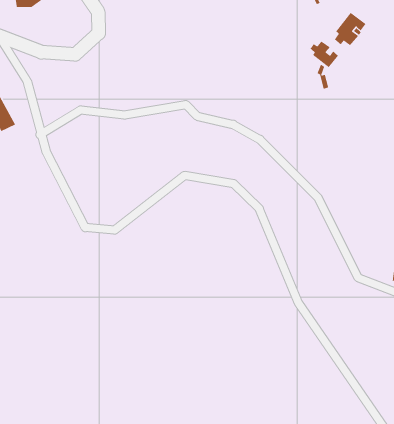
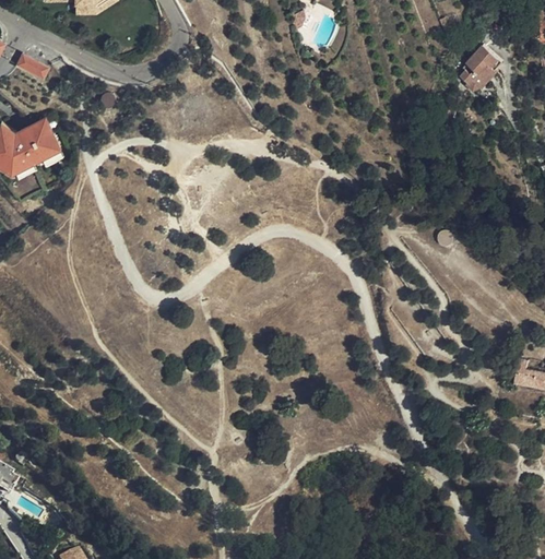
building: [310,41,339,68] -> none

